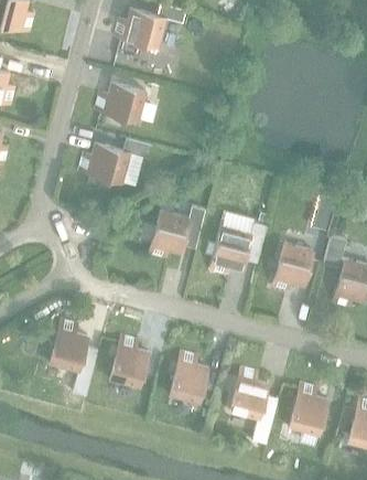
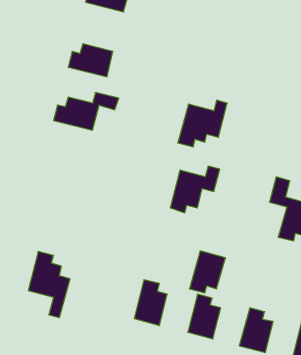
building: [149,206,205,259] -> [178,100,227,147]
building: [272,244,313,291] -> [189,251,225,293]
building: [110,337,148,387] -> none

